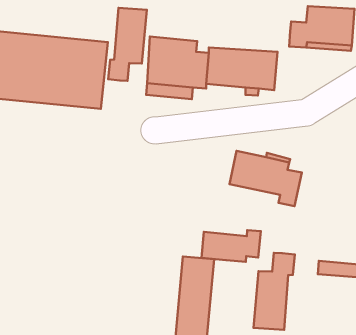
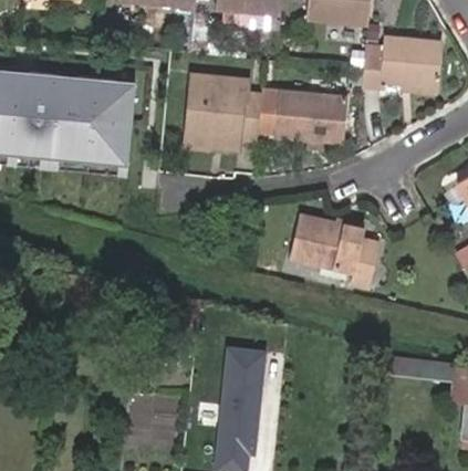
building: [108,8,147,81] -> none
building: [201,230,261,262] -> none
building: [254,253,295,330] -> none

